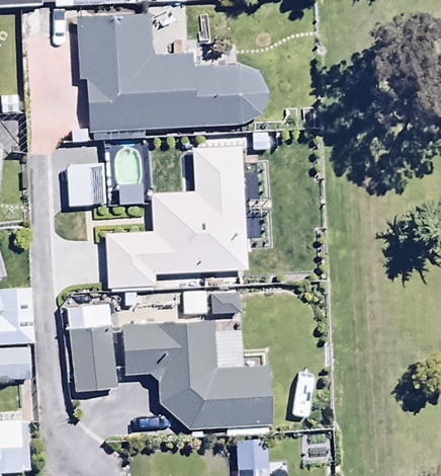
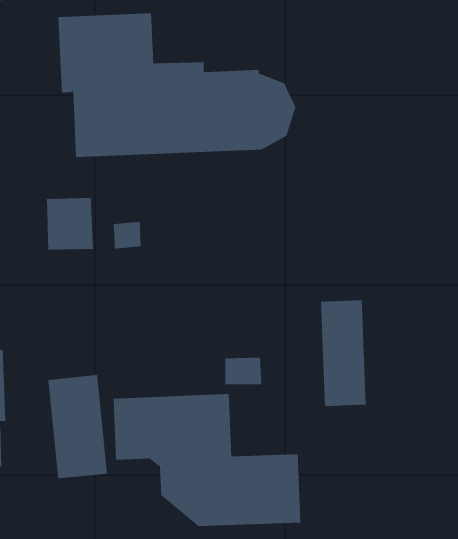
building: [105,147,246,286] -> none
building: none -> [321,299,366,407]

